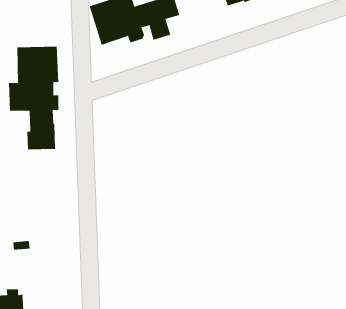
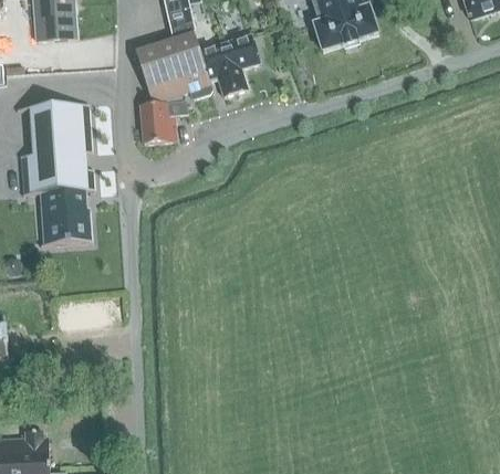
building: none -> [138,99,186,143]

